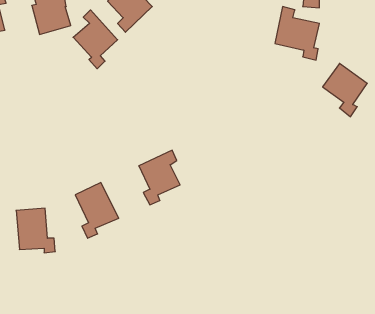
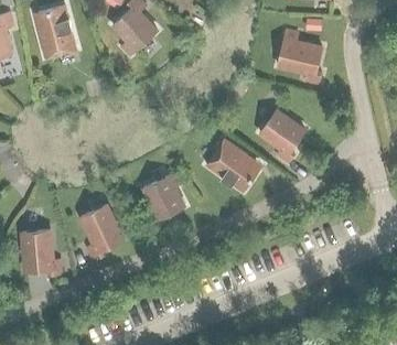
building: [73,10,118,69] -> none
building: [323,63,367,117] -> [259,110,303,163]
building: none -> [205,140,258,192]

